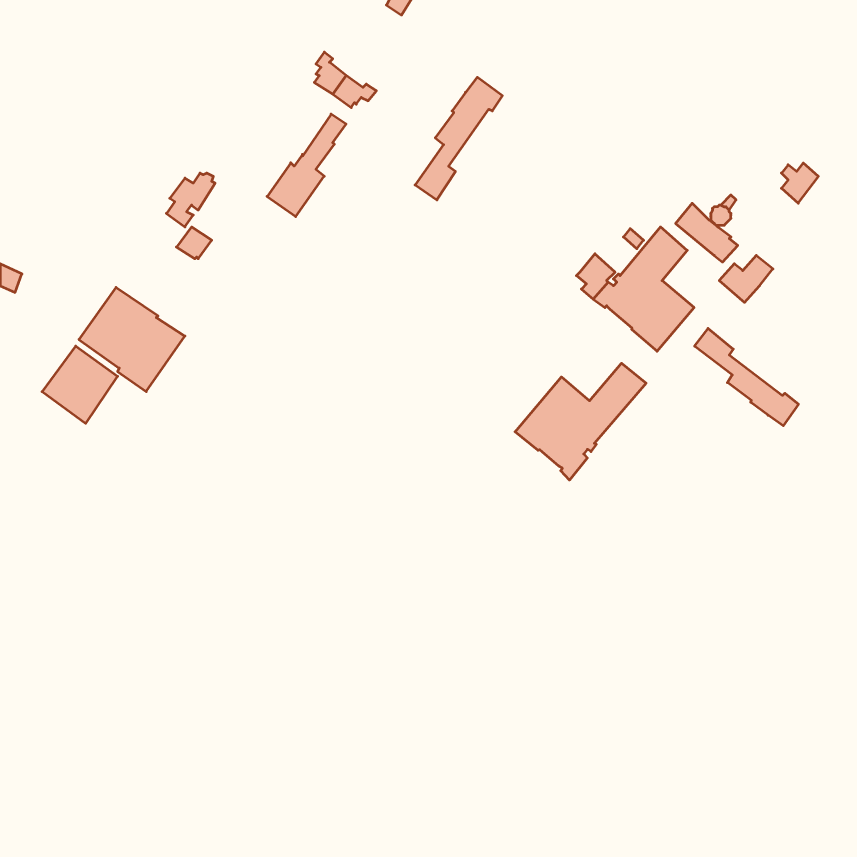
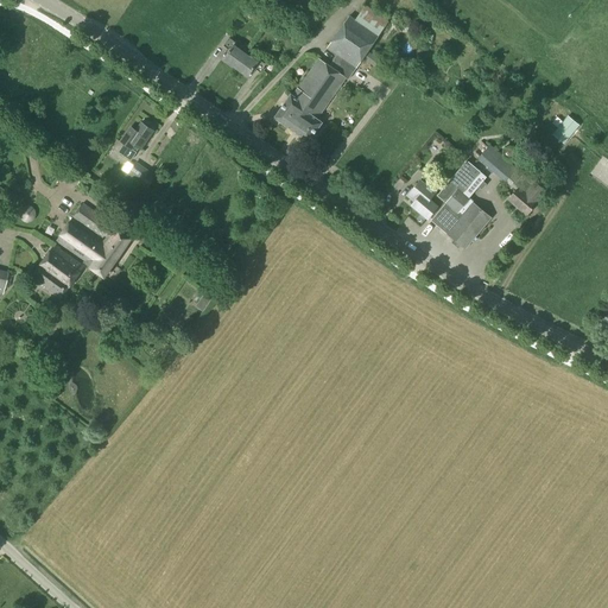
building: none -> [328,5,390,68]
building: [267,114,346,217] -> [274,58,330,131]
building: [695,328,798,426] -> none
building: [515,363,646,480] -> none

